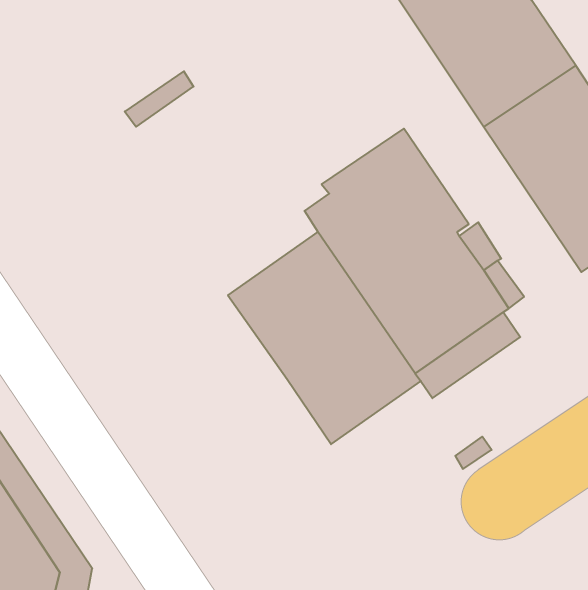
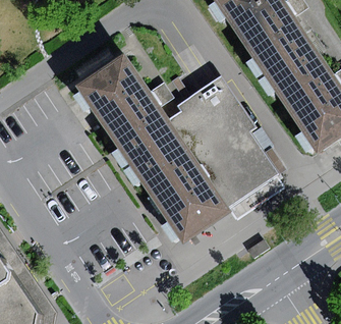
building: none -> [72,53,174,164]

